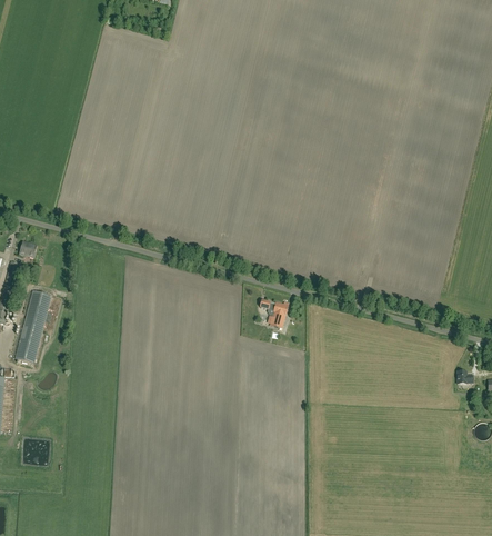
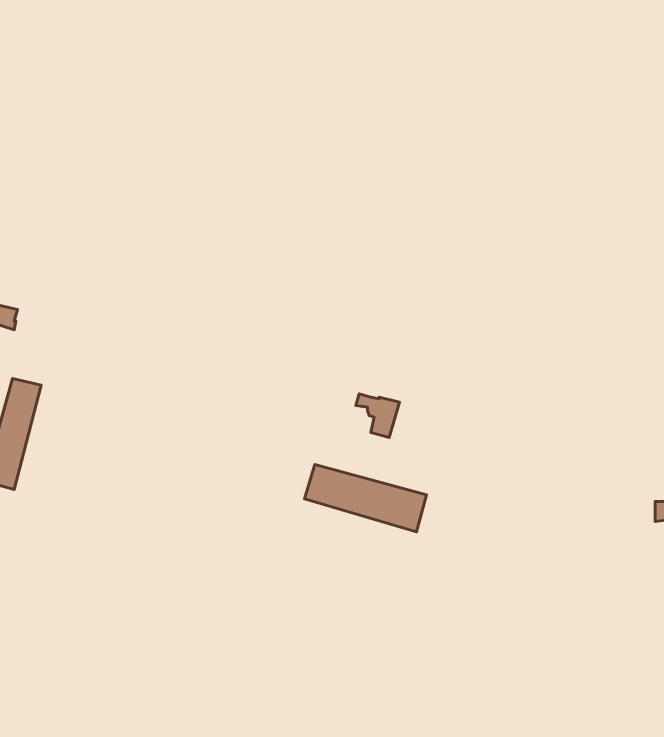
building: none -> [304,465,426,532]

